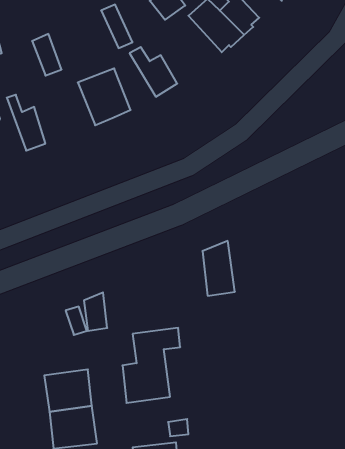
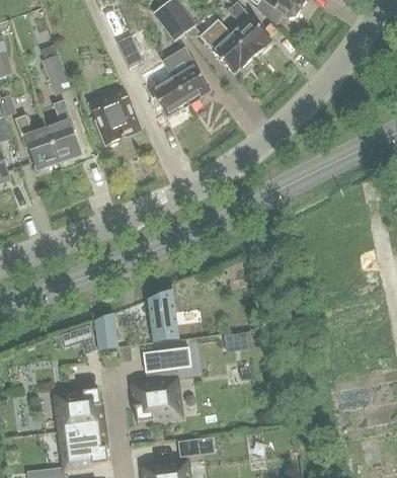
building: none -> [162,47,210,101]
building: none -> [45,99,81,162]
building: [202,241,235,296] -> [147,288,179,342]

